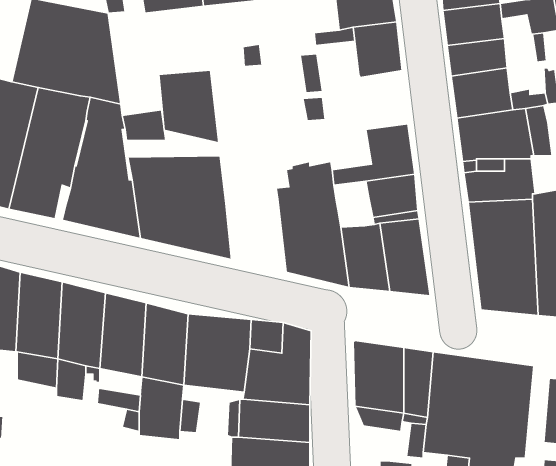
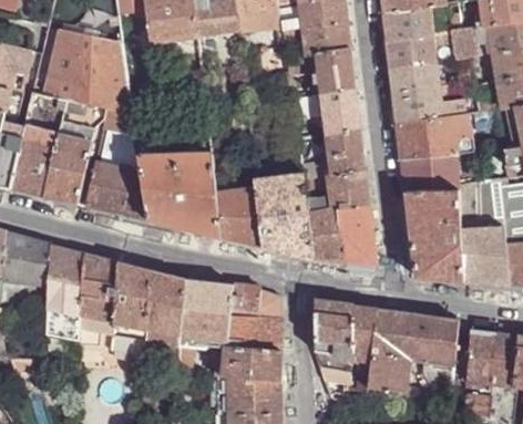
building: [159,70,219,143] -> [214,188,262,246]
building: none -> [320,86,358,133]

